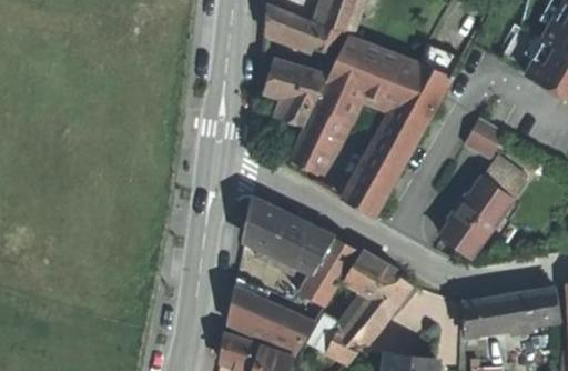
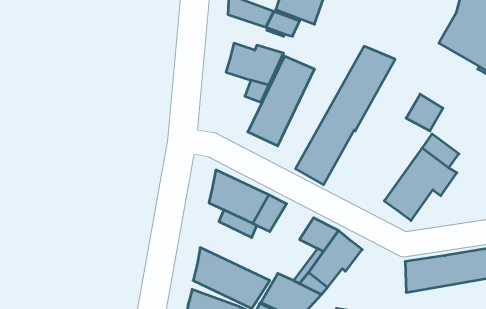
building: [329,34,410,100] -> none
building: [298,237,357,305] -> none

